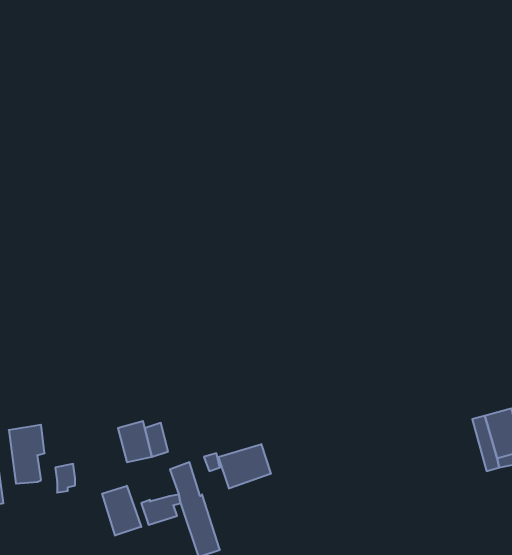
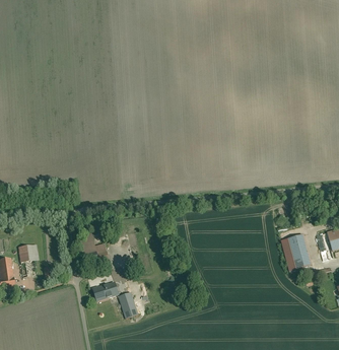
building: [218,444,271,489] -> none
building: [102,486,141,536] -> none

